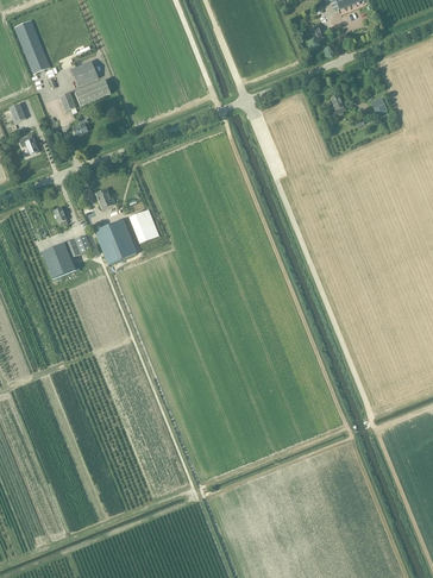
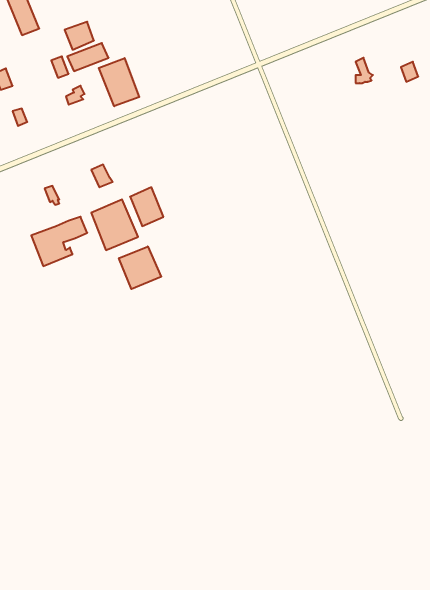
building: none -> [99,58,139,106]
building: none -> [119,246,161,289]

